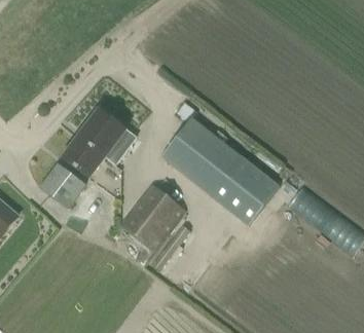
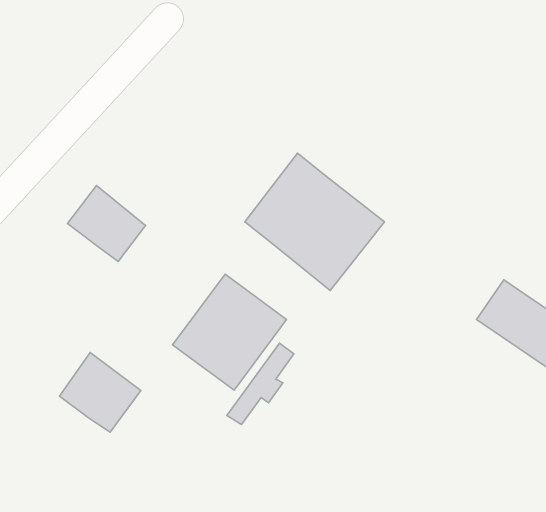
building: [77,107,137,163] -> none
building: [210,155,278,223] -> none
building: [39,161,85,207] -> [60,353,141,432]

